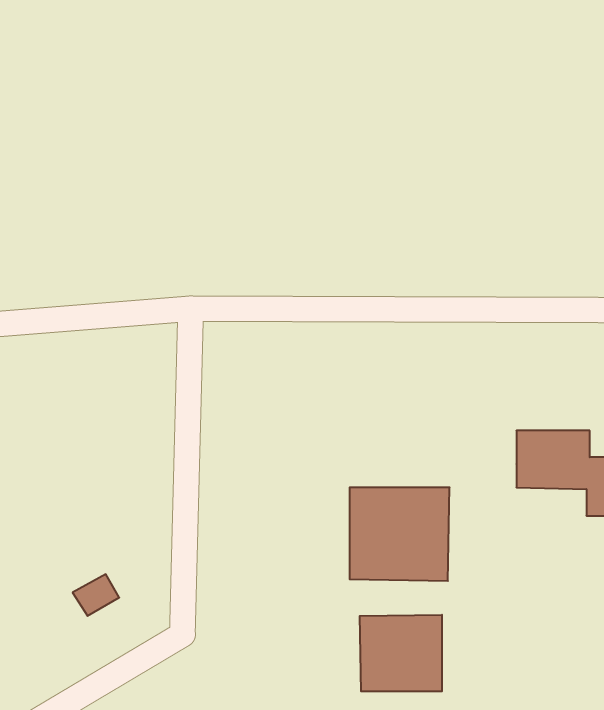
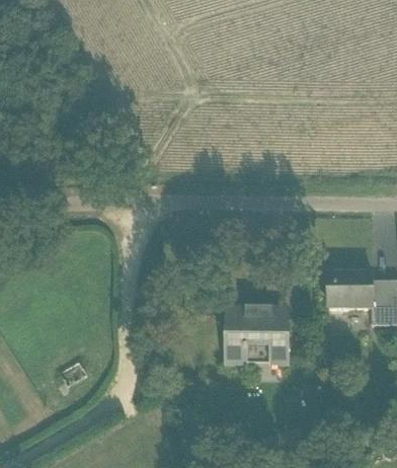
building: [360,615,442,691] -> none

